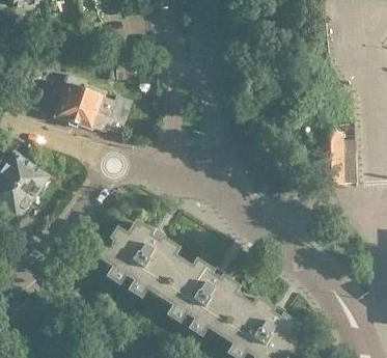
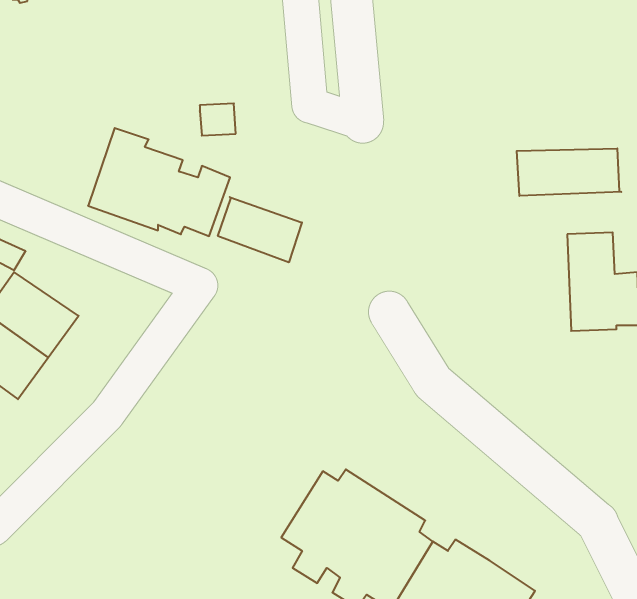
building: none -> [517,148,621,196]
building: none -> [218,197,302,262]
building: [98,221,183,297] -> none

